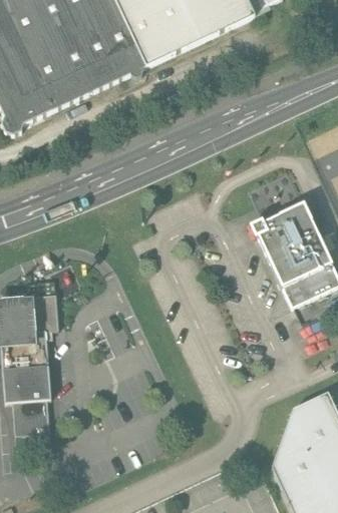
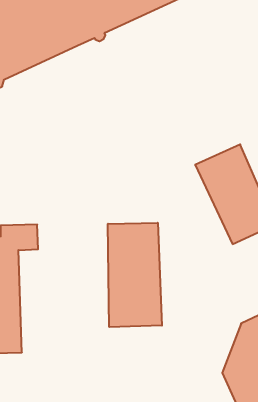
building: none -> [108,223,162,327]

